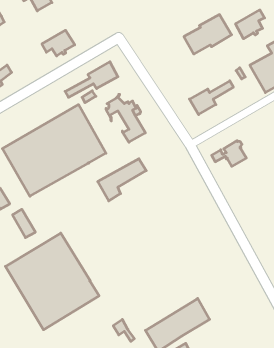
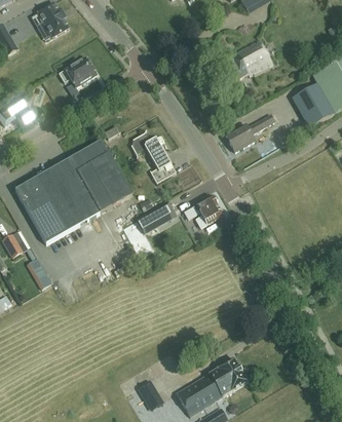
building: [236,10,265,39] -> none
building: [65,62,118,97] -> none
building: [212,141,246,166] -> [183,195,222,224]
building: [5,233,99,330] -> none

